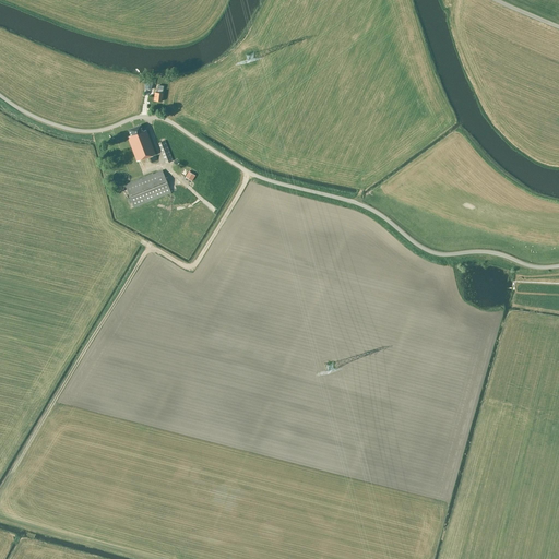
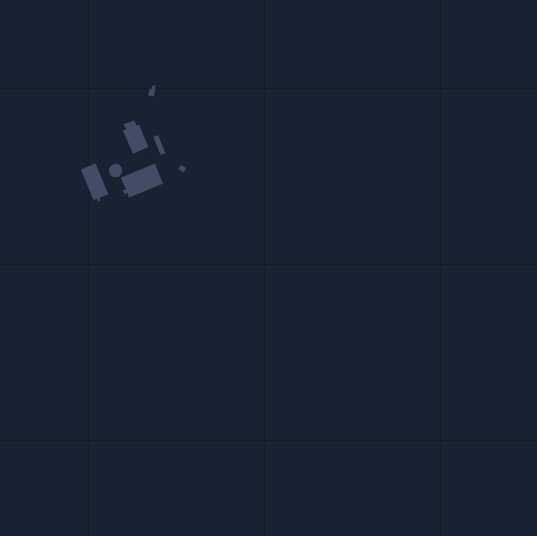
building: none -> [80,162,109,203]

